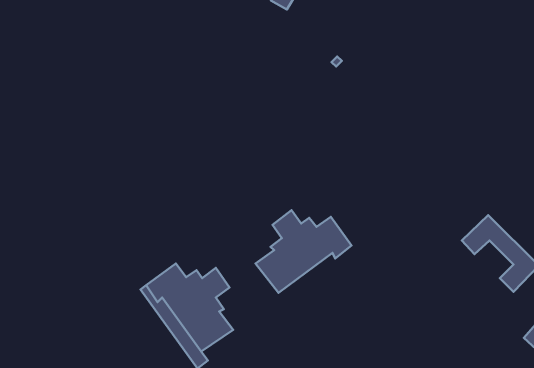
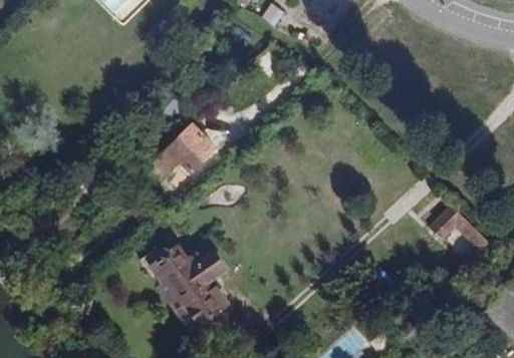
building: none -> [153,121,213,171]
building: [255,210,352,293] -> none

